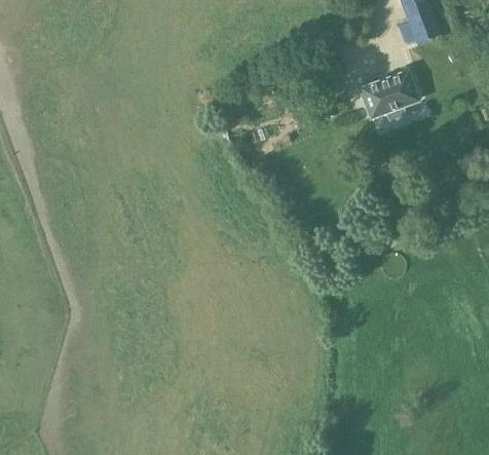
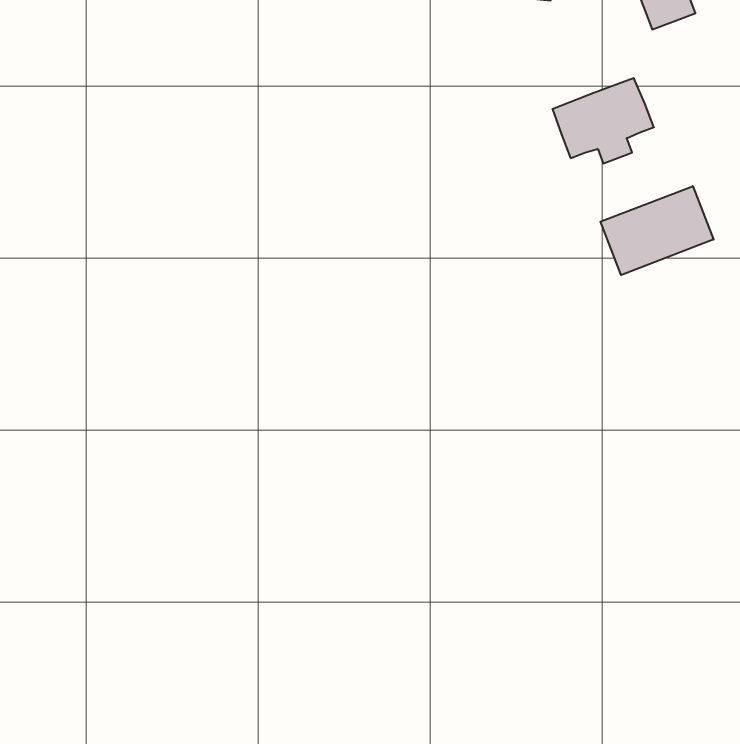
building: none -> [600,186,714,275]

